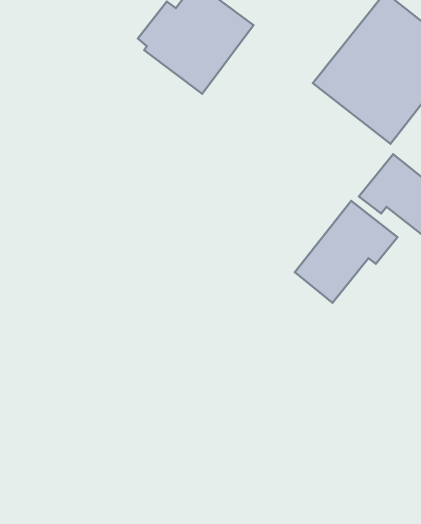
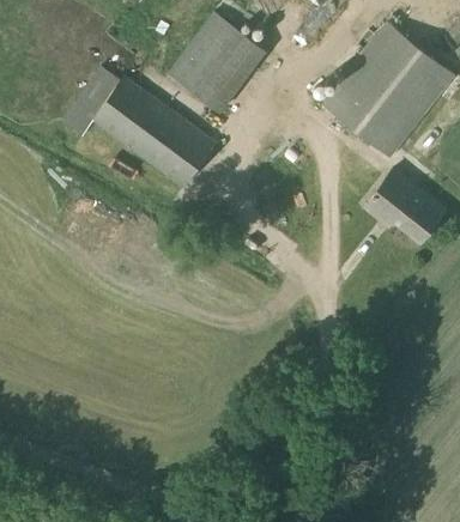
building: none -> [61,66,218,189]
building: [295,201,398,303] -> none

